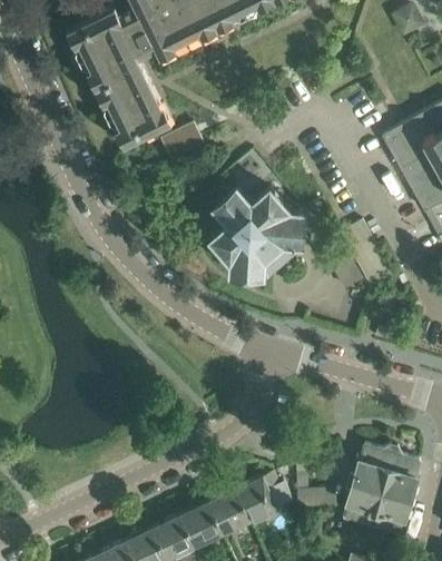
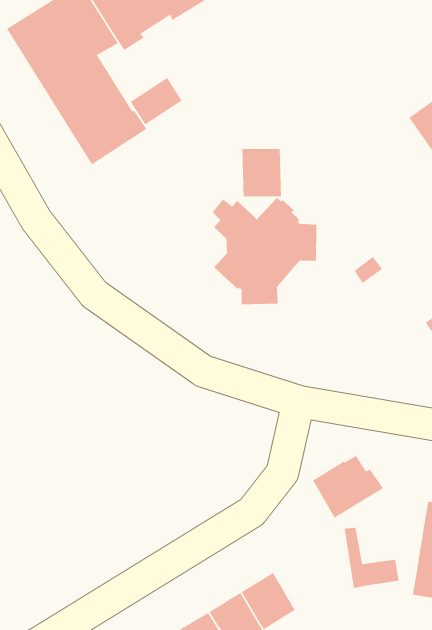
building: [160,124,203,160] -> [130,77,183,125]
building: none -> [242,148,282,197]
building: [235,472,292,521] -> [312,455,384,519]

